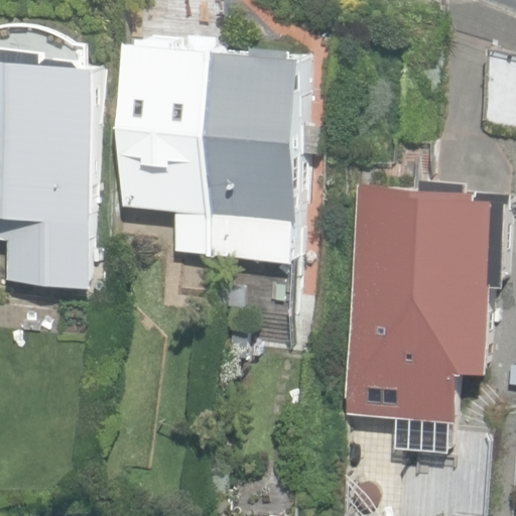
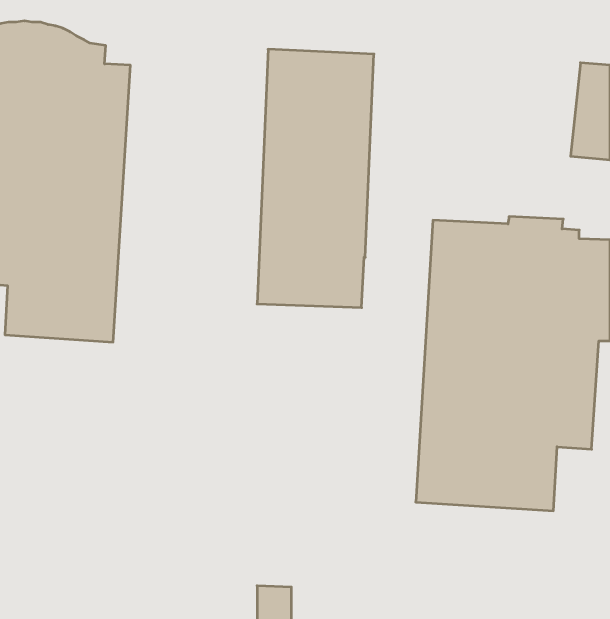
building: [118,40,220,257] -> none

